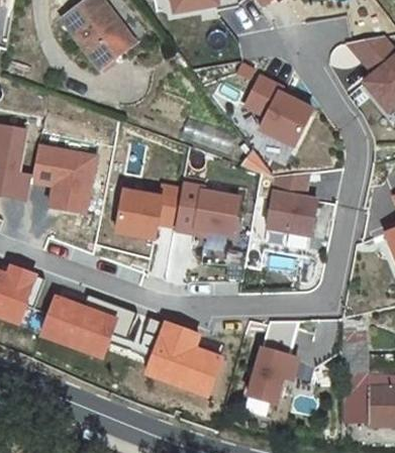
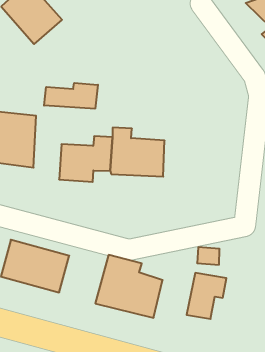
building: [243,73,315,146] -> none
building: none -> [44,83,98,109]
building: [265,171,318,236] -> none

